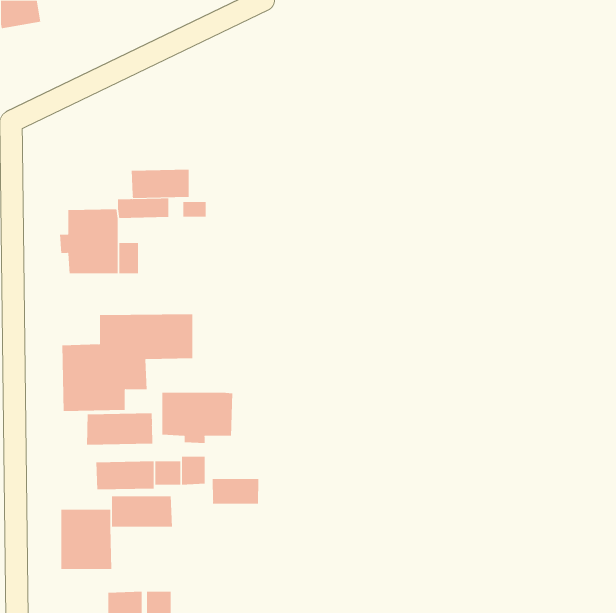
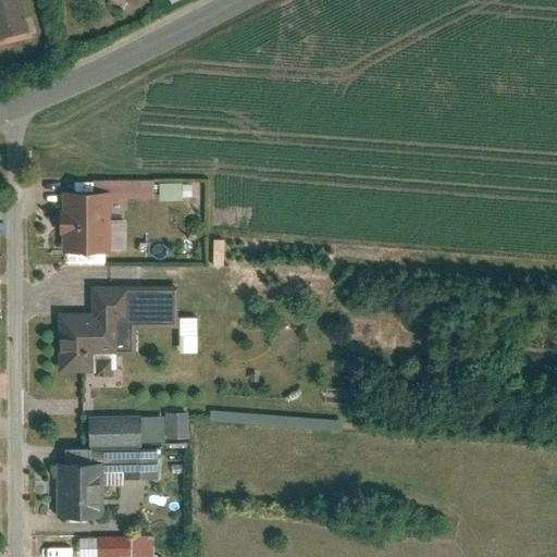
building: [131,169,189,199] -> none
building: [162,392,233,444] -> none
building: [86,412,153,445] -> none
building: [212,478,259,504] -> none

